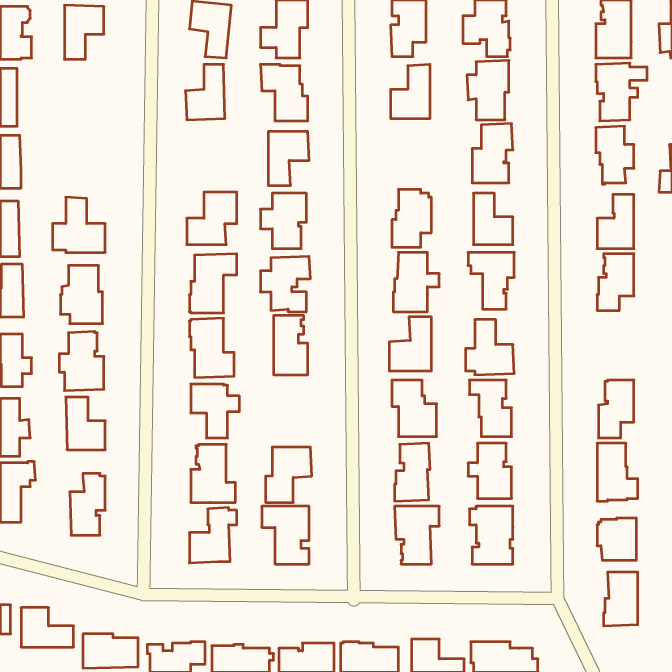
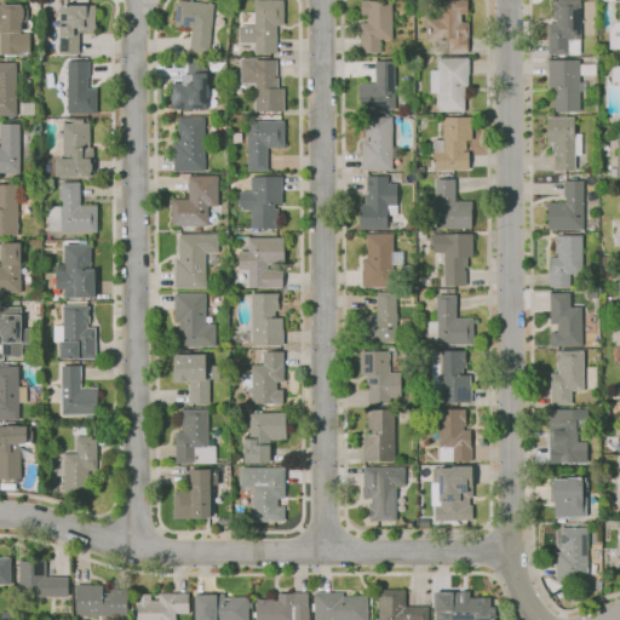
building: none -> [68,61,97,114]
building: none -> [361,110,401,168]
building: none -> [174,117,205,171]
building: none -> [54,119,94,177]
building: none -> [551,292,582,345]
building: none -> [241,350,283,403]

